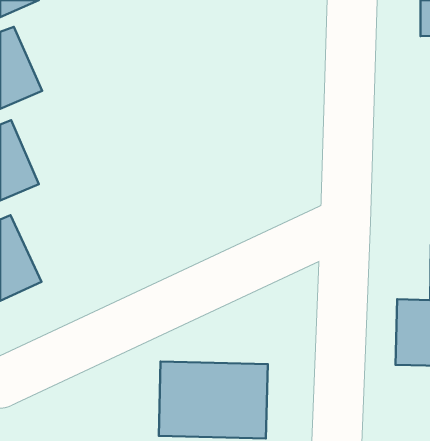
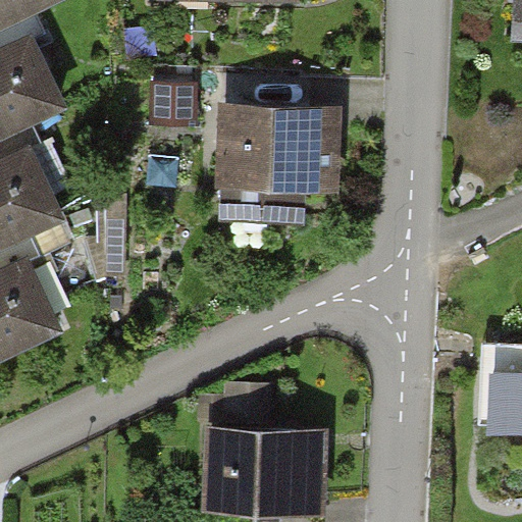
building: none -> [213,101,338,203]

